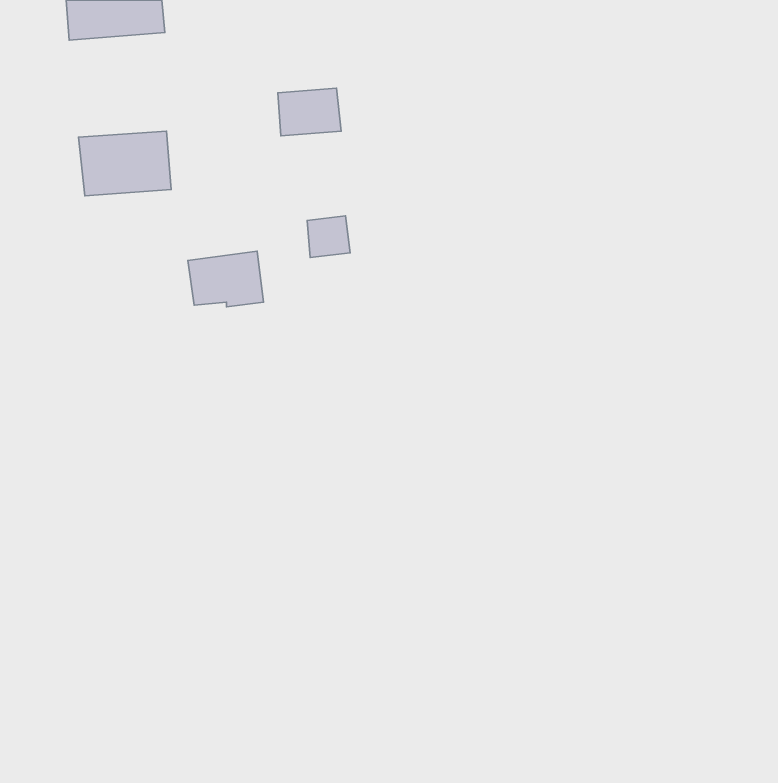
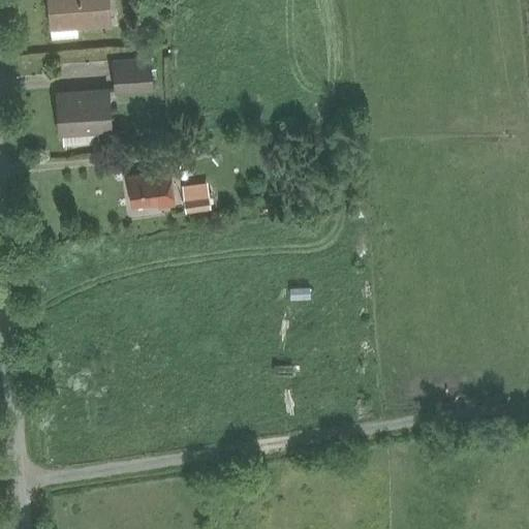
building: [278,88,341,136] -> [112,60,154,92]
building: [307,216,350,257] -> [180,185,209,213]

